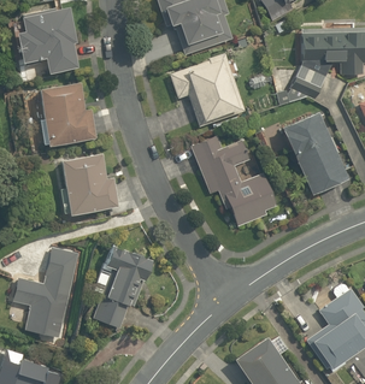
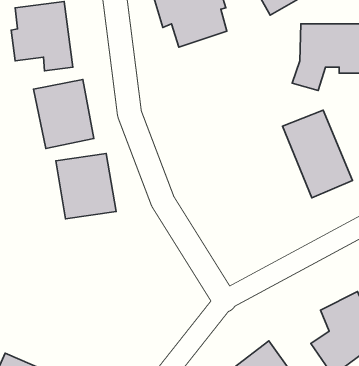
building: [169,53,243,125] -> none
building: [190,126,279,226] -> none
building: [12,246,78,338] -> none
building: [94,247,152,329] -> none

